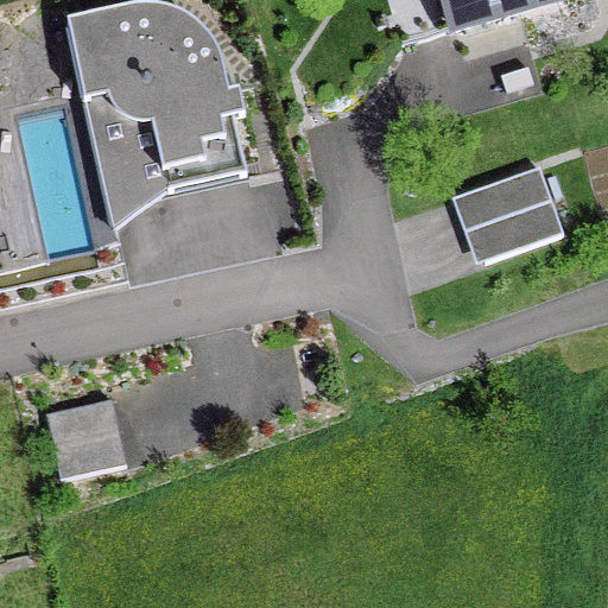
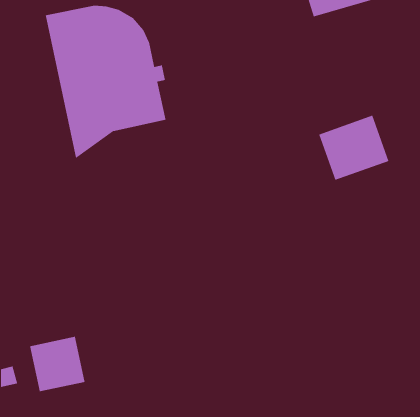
building: [45,395,126,476] -> [29,336,85,392]

